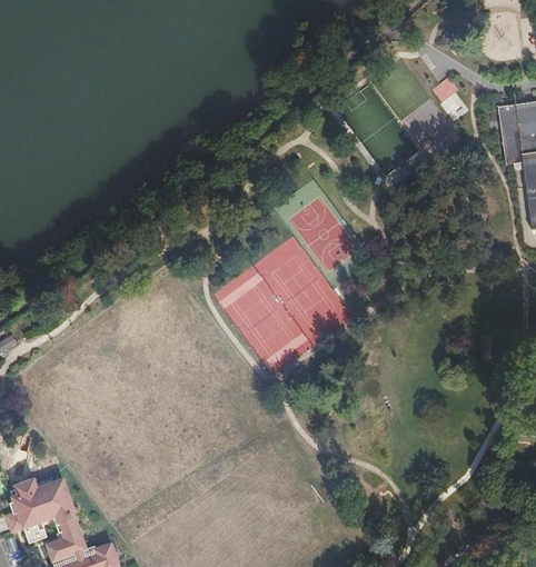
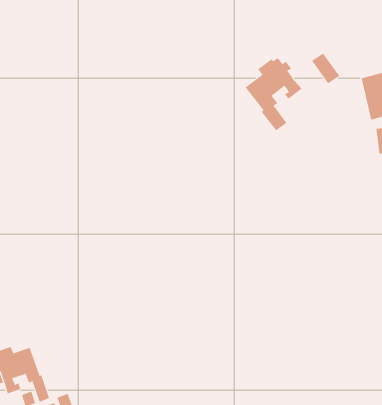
building: none -> [245,57,302,131]

